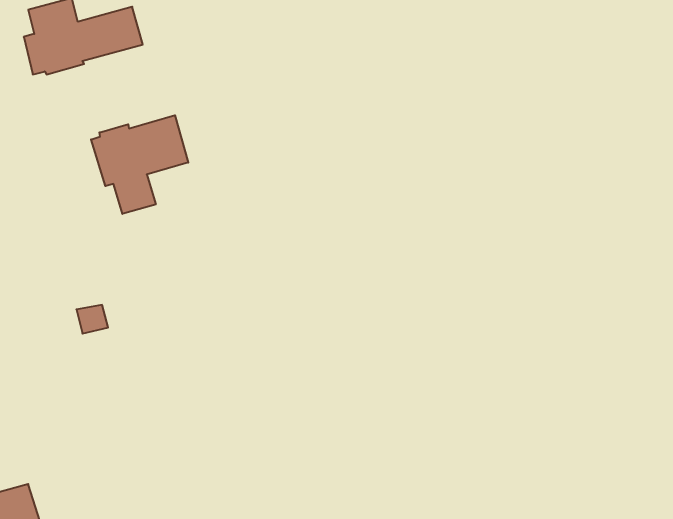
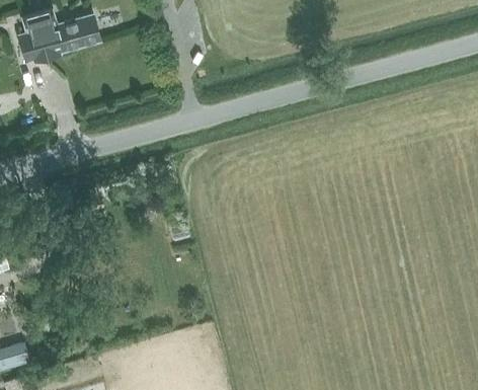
building: [91,115,188,214] -> none

